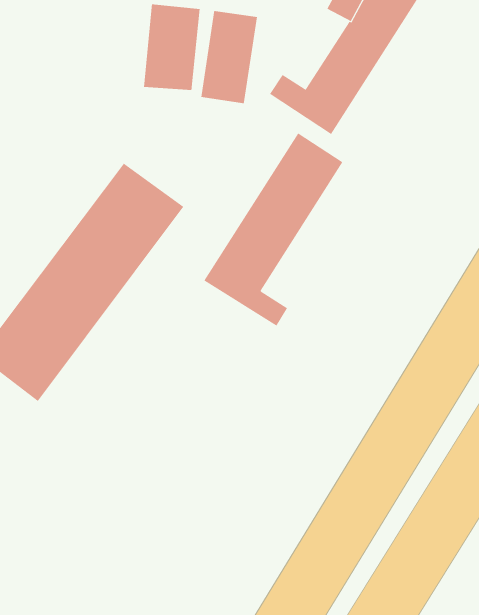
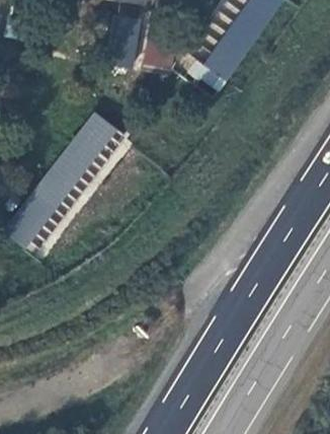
building: [203,133,343,327] -> none

